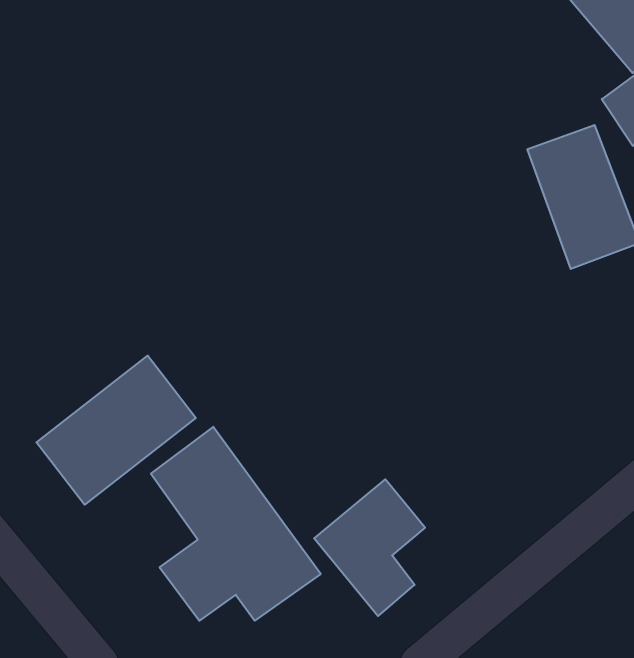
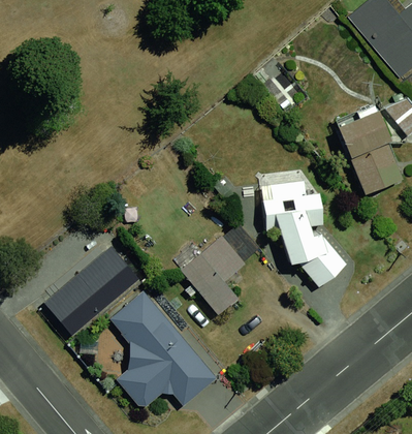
building: none -> [267,181,351,287]
building: [314,479,425,616] -> [179,233,245,314]

